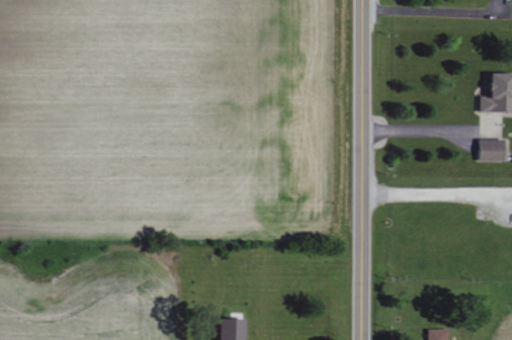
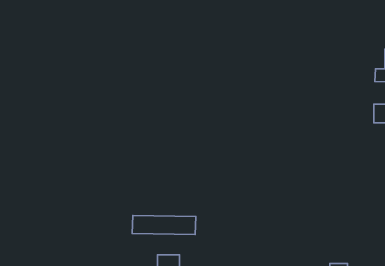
building: none -> [132,216,196,234]

